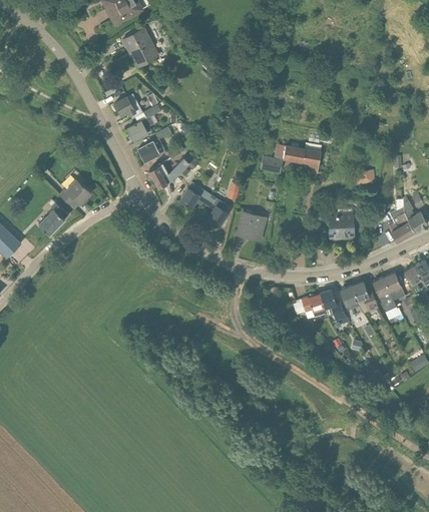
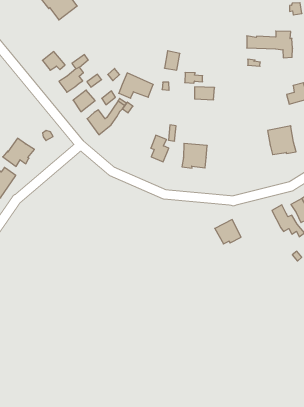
building: [274,143,321,172] -> [247,31,293,58]
building: [179,182,216,210] -> [119,73,153,98]
building: [301,294,326,317] -> [215,220,241,244]

